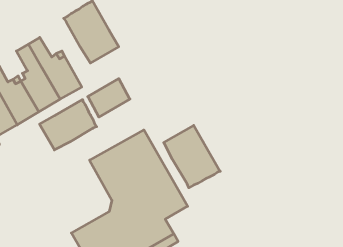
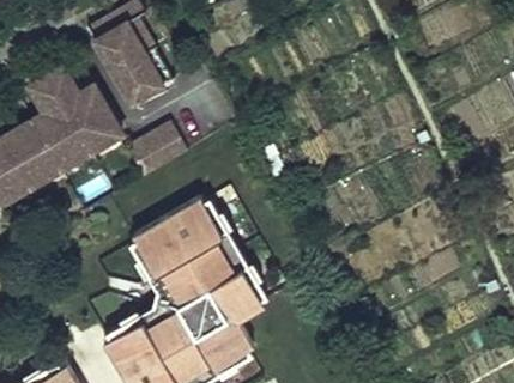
building: [40,100,97,150] -> none
building: [164,125,220,188] -> none

